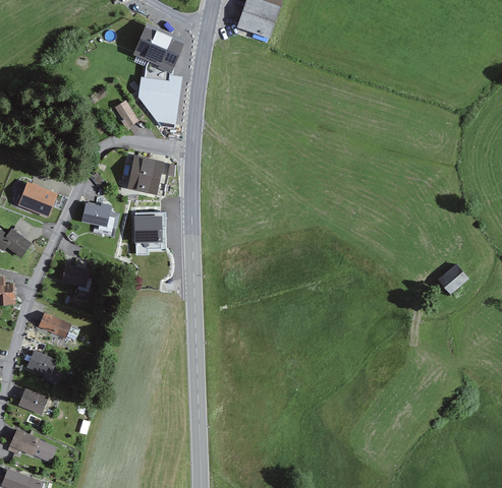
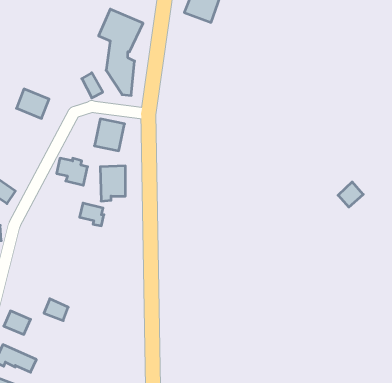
building: [17,181,57,217] -> [16,89,49,118]
building: [61,263,91,291] -> [80,203,104,226]
building: [438,263,468,294] -> [338,182,363,207]
building: [38,311,71,338] -> none
building: [26,350,56,376] -> [44,299,68,321]

